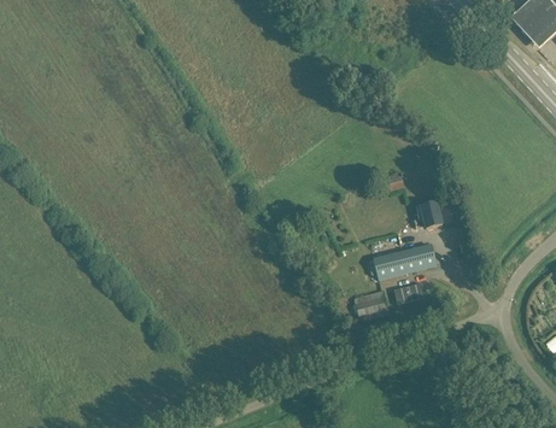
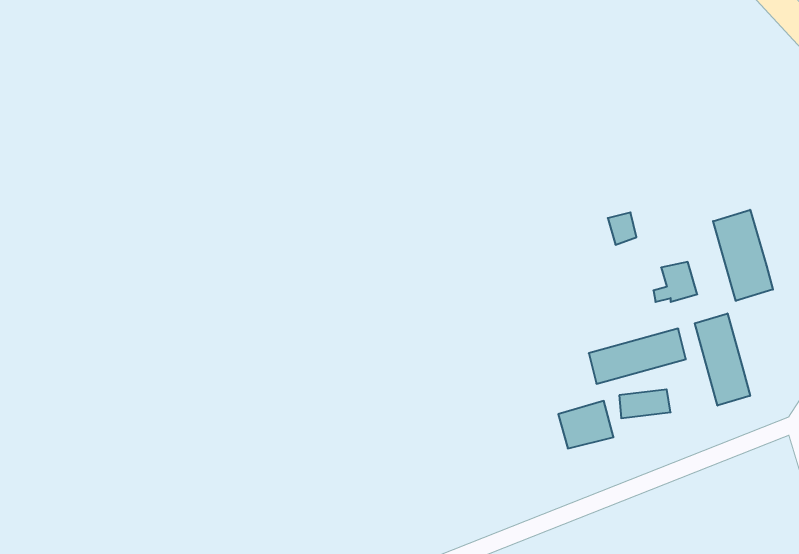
building: none -> [713,210,773,301]
building: none -> [695,313,750,406]

